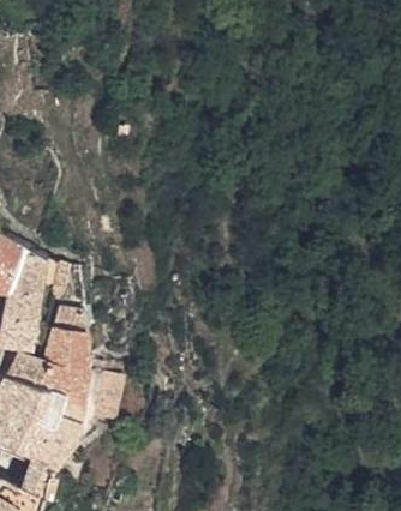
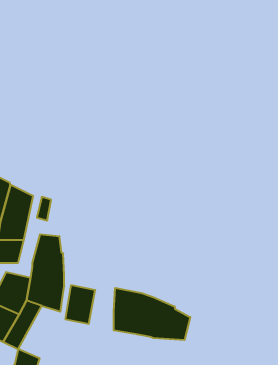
building: none -> [114,288,190,340]
building: [29,402,83,469] -> none

